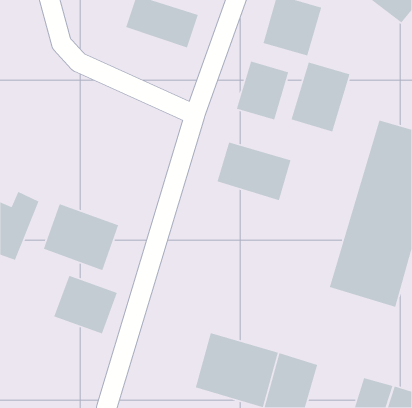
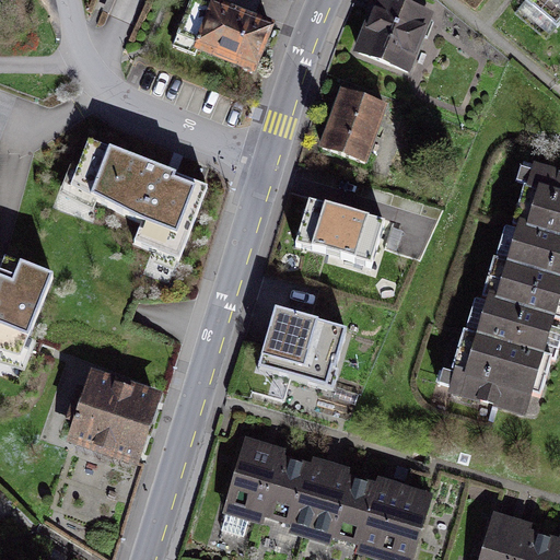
building: [291,61,350,132] -> none
building: none -> [71,136,208,255]
building: [43,203,119,271] -> none
building: none -> [257,306,347,388]
building: none -> [221,438,284,525]

